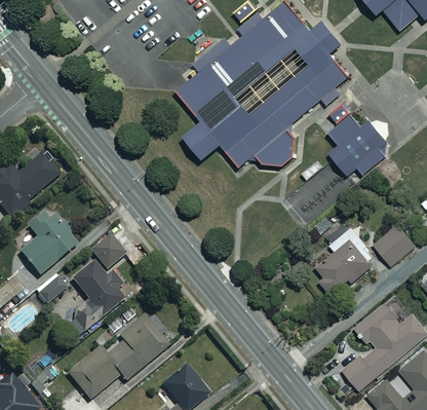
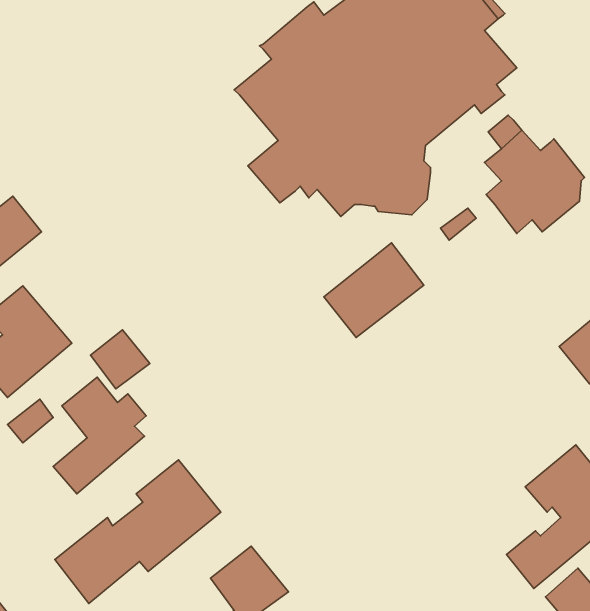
building: [308,238,368,296] -> [324,243,424,338]

